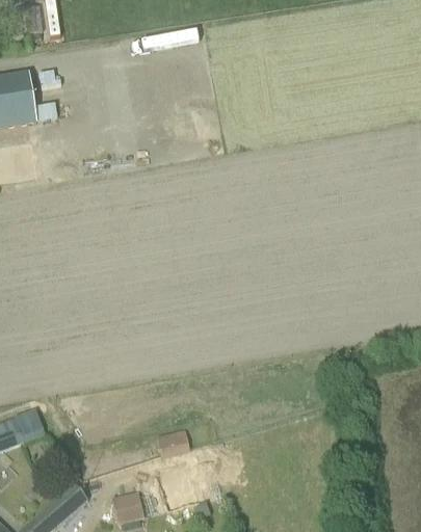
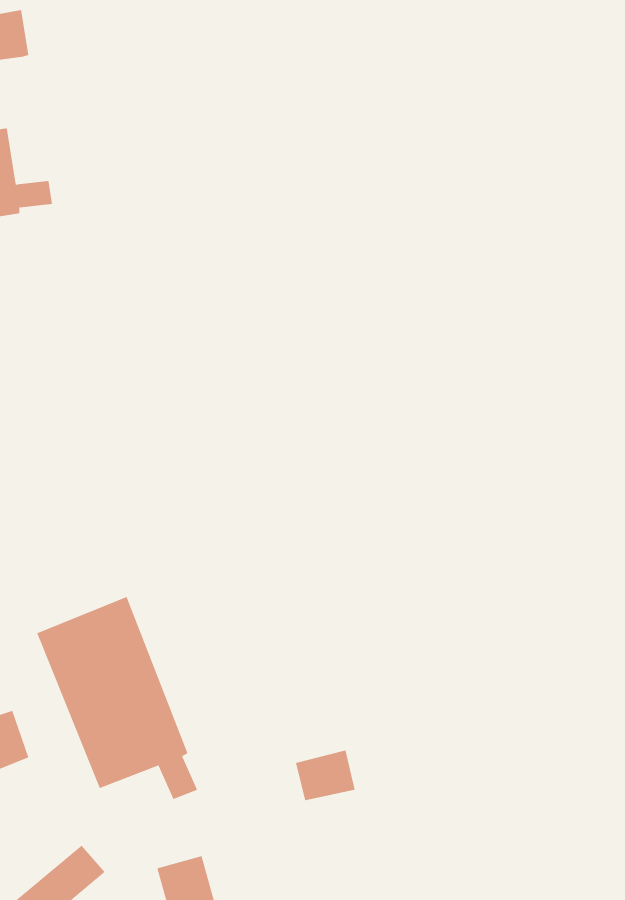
building: none -> [36,596,198,800]
building: [156,428,190,457] -> [295,750,355,801]

